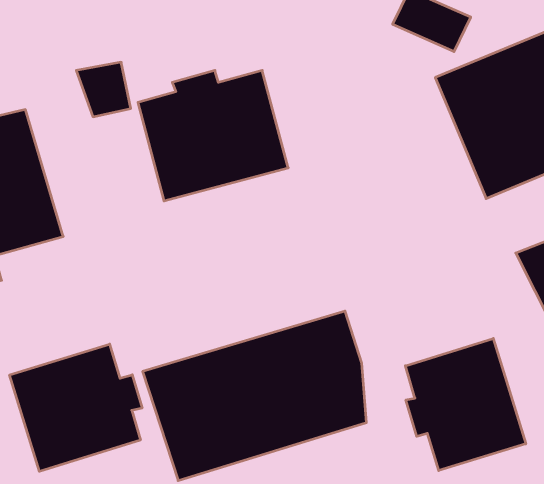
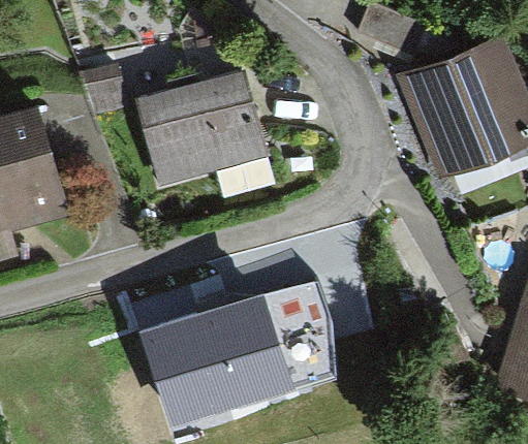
building: [405,338,526,471] -> none
building: [10,344,142,471] -> none

